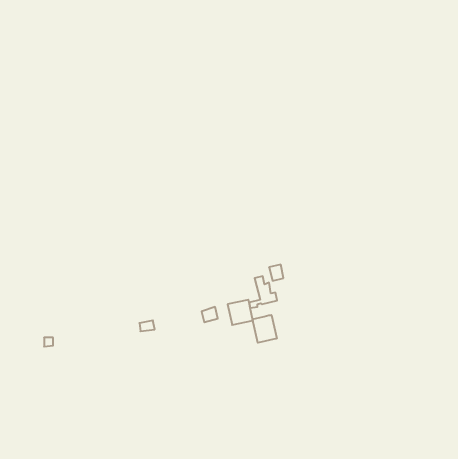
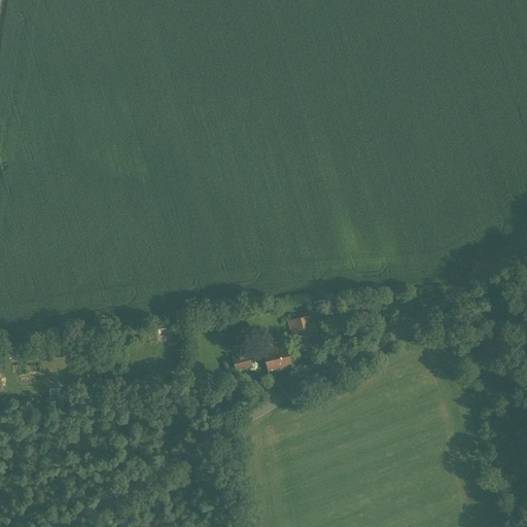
building: [253,315,277,343] -> none

